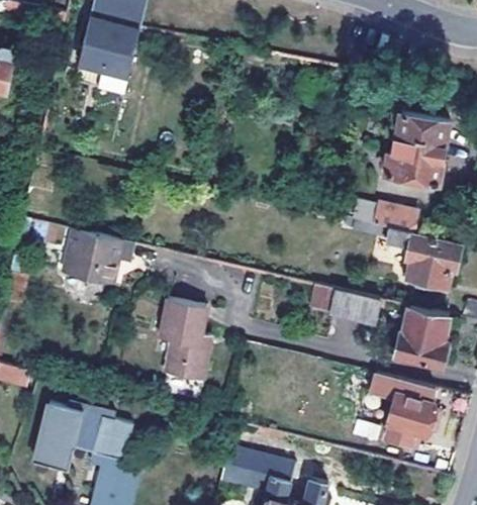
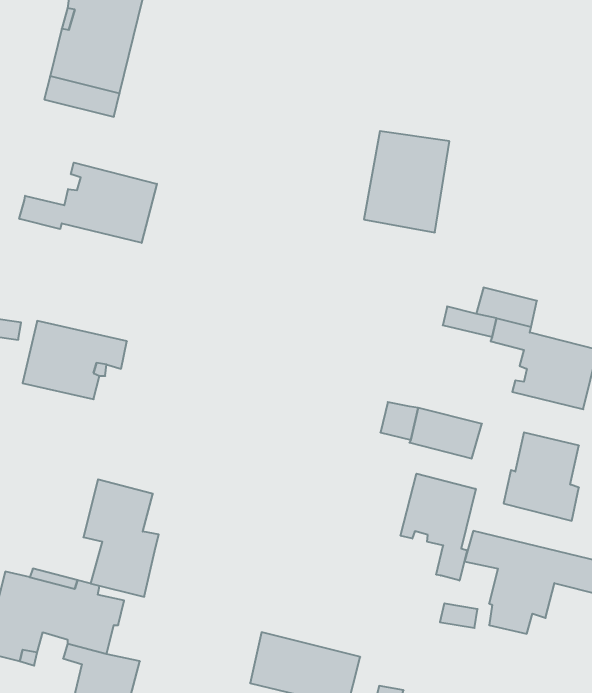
building: [389,113,449,184] -> [364,131,449,232]
building: none -> [19,163,157,243]
building: [159,298,211,380] -> [83,479,159,597]
building: none -> [401,474,476,581]

